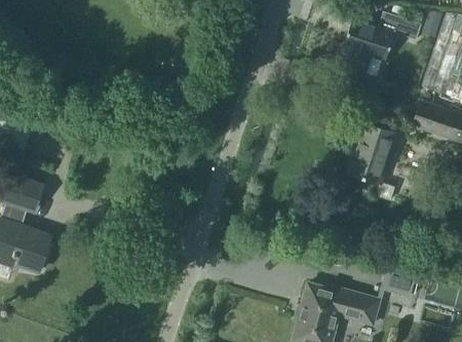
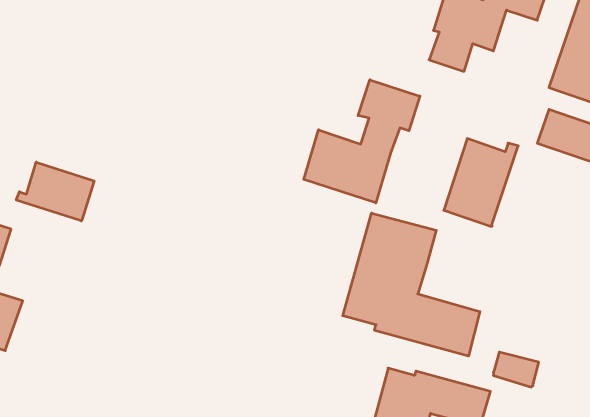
building: none -> [304,80,420,203]
building: none -> [16,162,94,221]
building: none -> [343,213,480,356]

